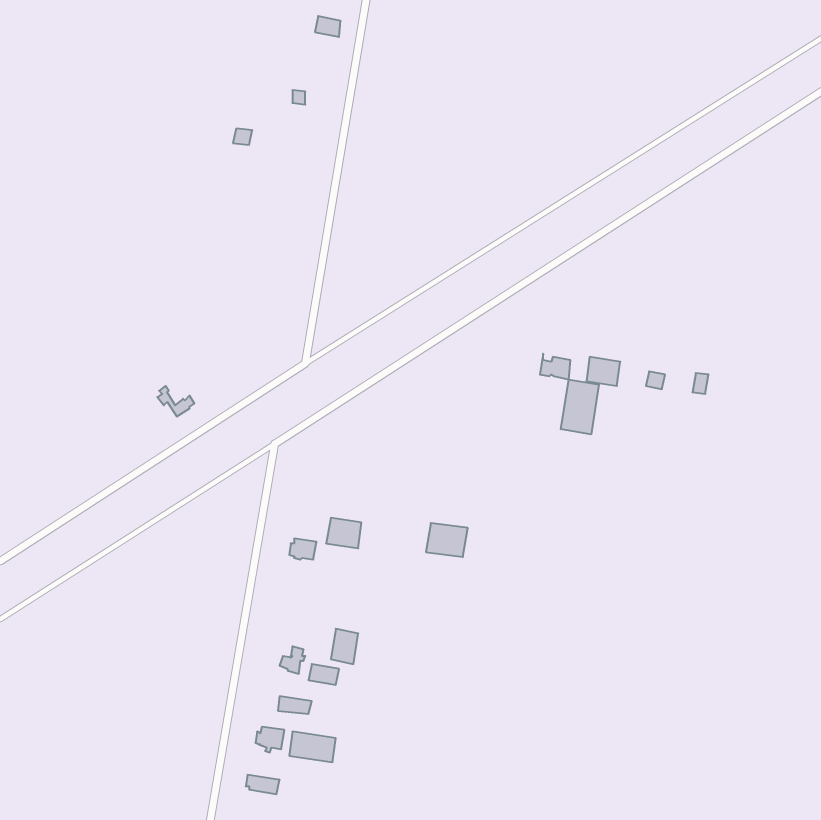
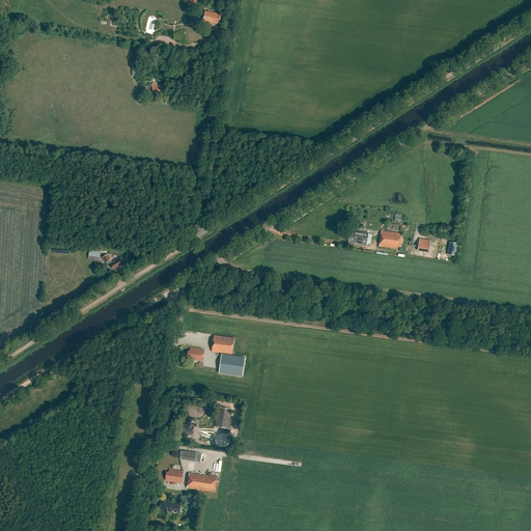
building: [561,379,599,434] -> none
building: [426,523,468,557] -> [219,354,246,375]

